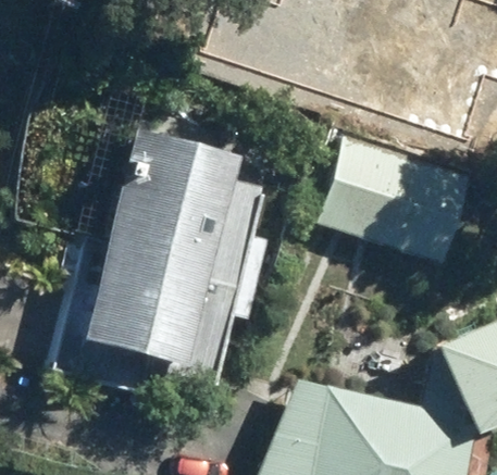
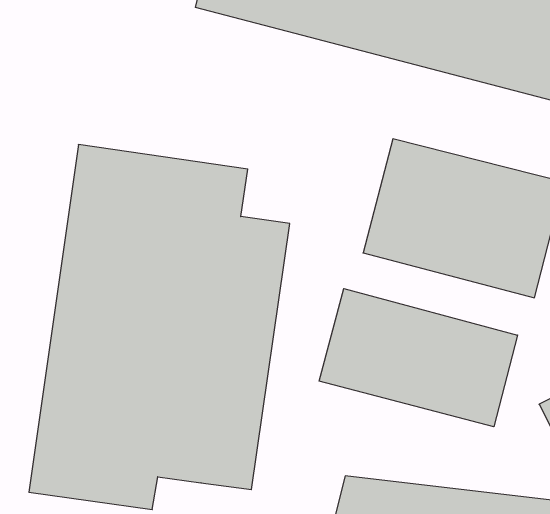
building: none -> [319,289,518,427]

